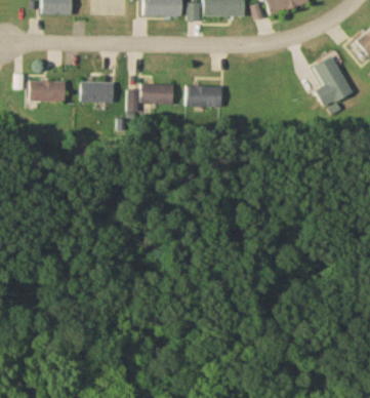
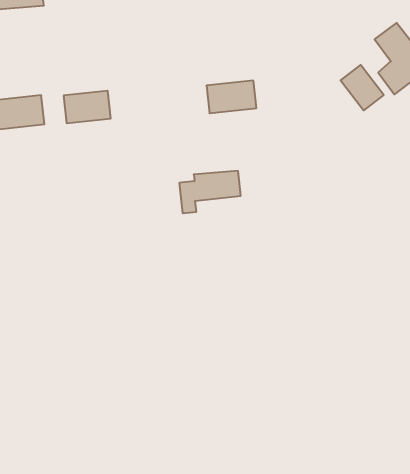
building: none -> [341,65,384,110]
building: [129,84,173,112] -> [179,171,241,213]

